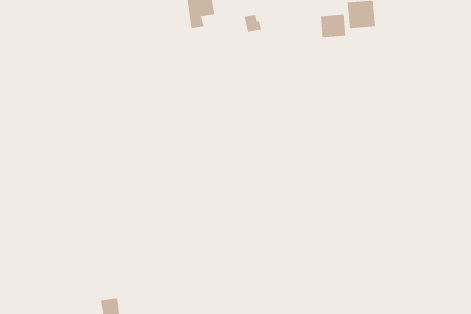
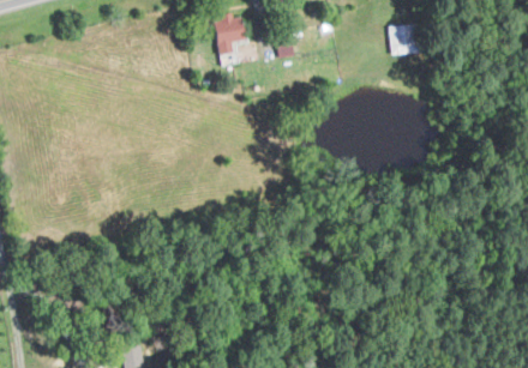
building: [320,14,346,38] -> none

